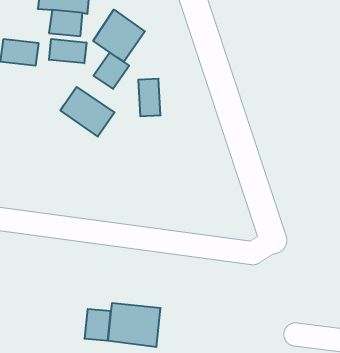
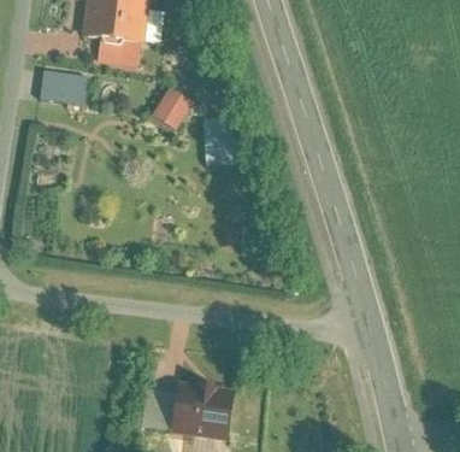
building: [93,10,145,62] -> none
building: [49,39,86,63] -> none
building: [60,87,115,137] -> none

